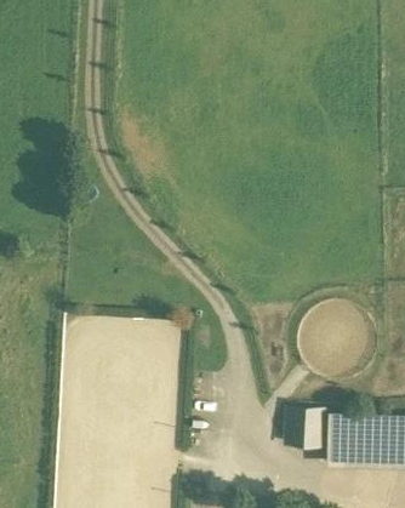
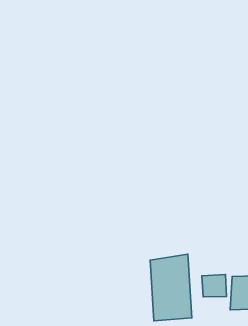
building: none -> [150,254,192,321]

